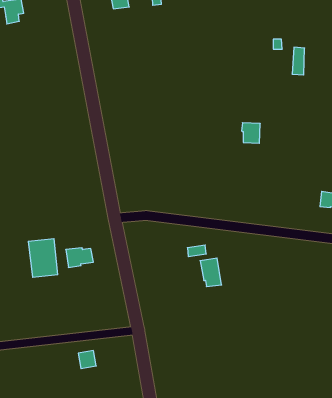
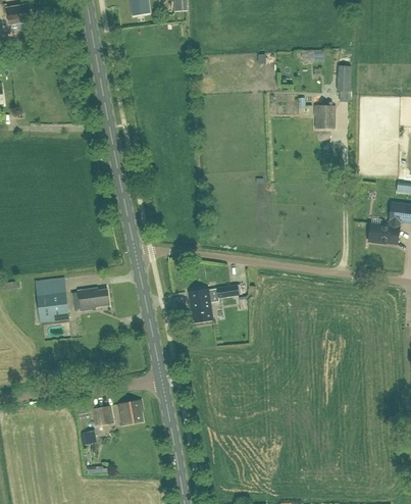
building: [242,123,260,143] -> [313,105,335,129]
building: [200,258,222,287] -> [188,289,212,321]
building: none -> [118,399,142,424]

